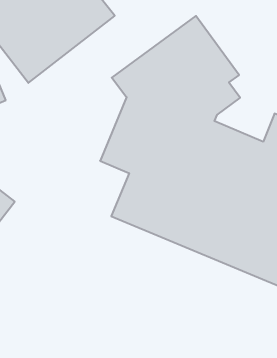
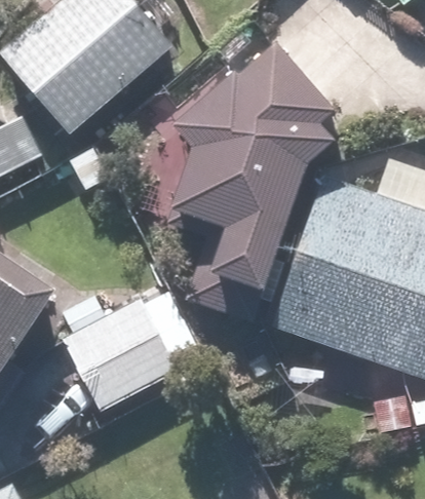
building: none -> [62,299,176,410]

